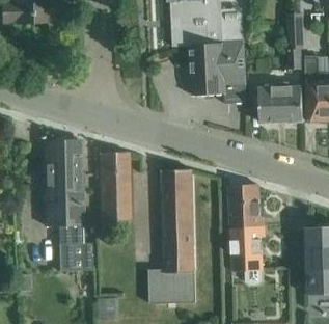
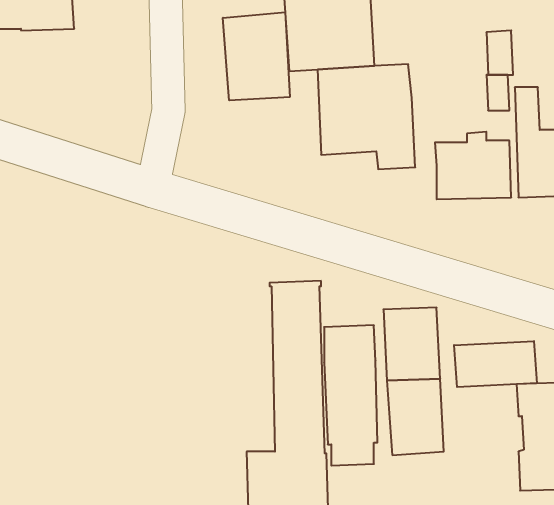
building: none -> [223,12,290,100]
building: [43,140,92,271] -> none
building: [100,152,131,234] -> [324,325,377,466]
building: none -> [454,341,537,387]

